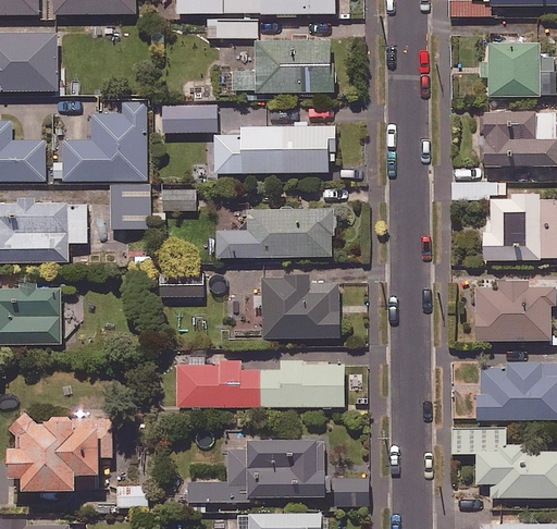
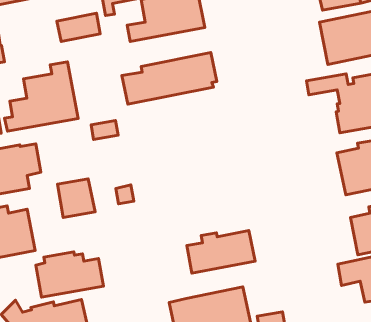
building: [163,106,216,134] -> [57,13,100,41]
building: [110,185,152,230] -> [57,179,95,218]
building: [216,208,335,257] -> none
building: [252,274,339,340] -> none
building: [177,356,260,407] -> [36,252,103,297]

